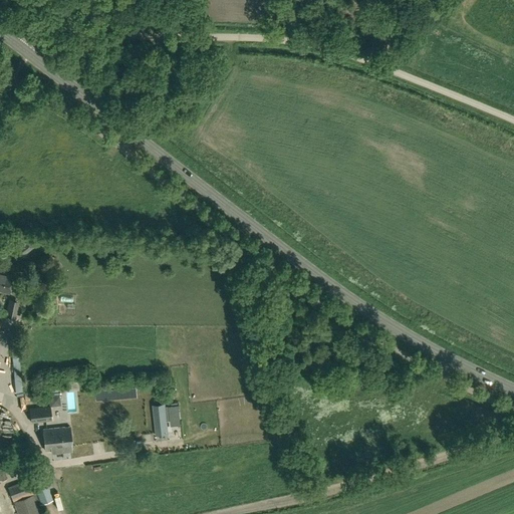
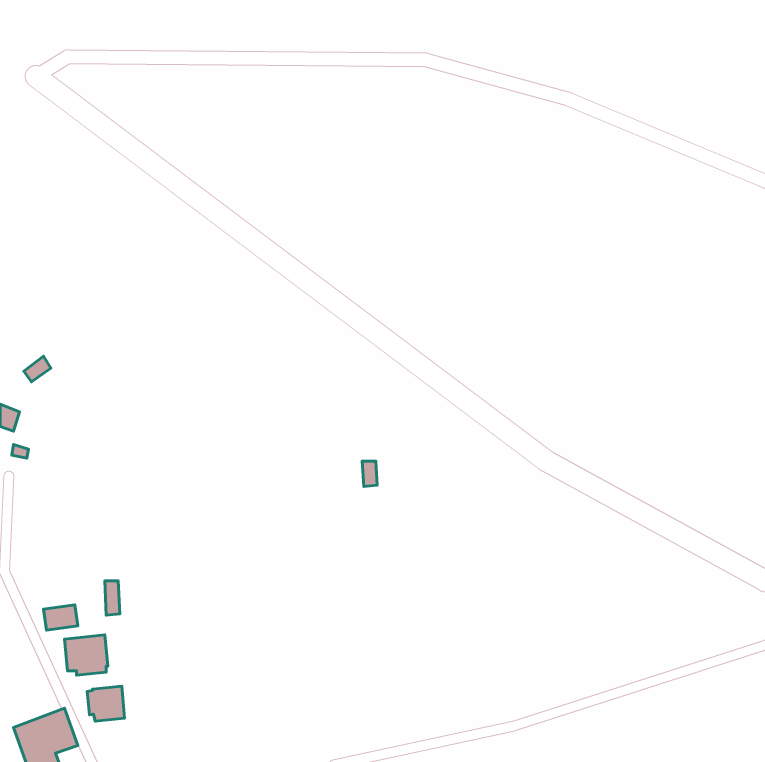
building: [153,405,180,437] -> none
building: none -> [87,686,124,721]

